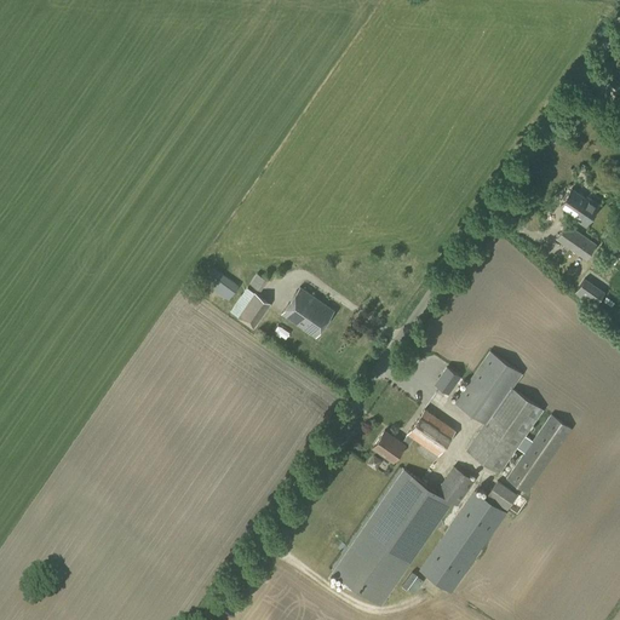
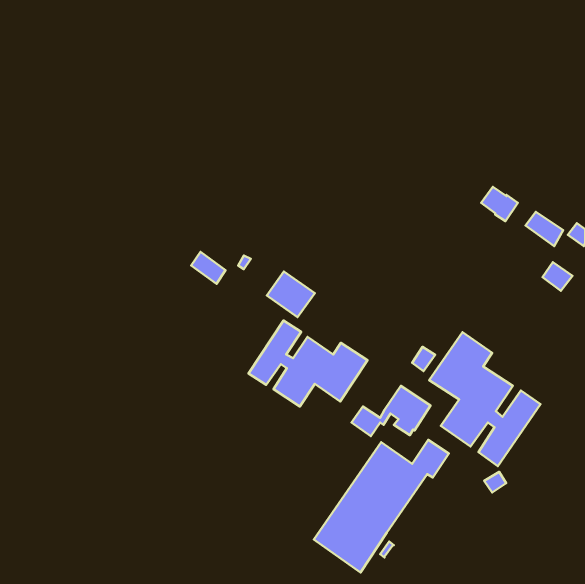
building: [559,189,598,225] -> [481,187,518,221]
building: [236,293,271,331] -> none
building: none -> [249,320,367,407]
building: [419,482,517,593] -> none

